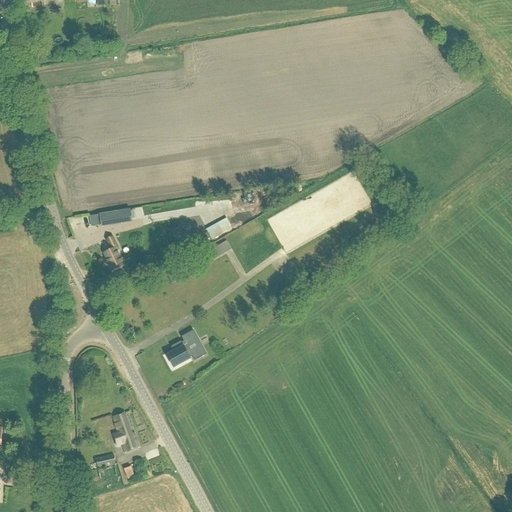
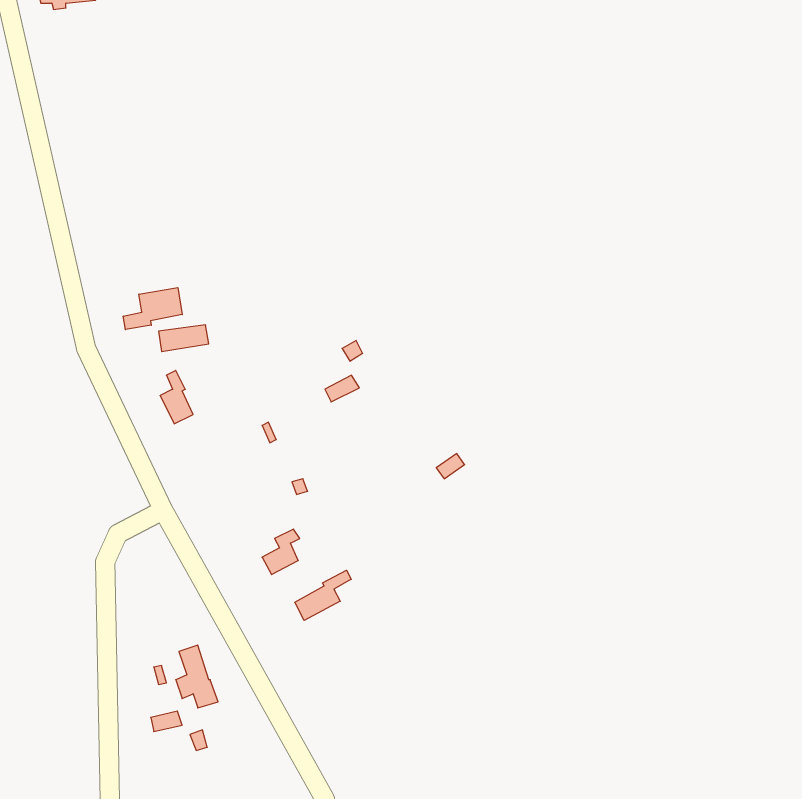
building: none -> [123,288,182,330]
building: none -> [295,570,351,620]

